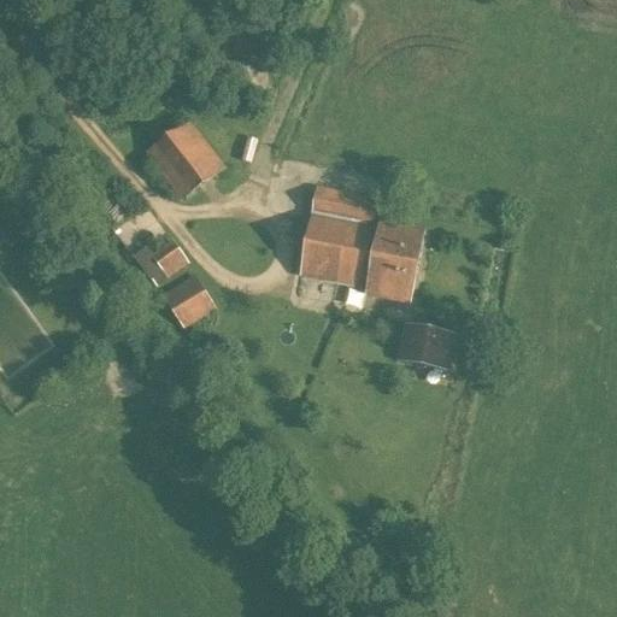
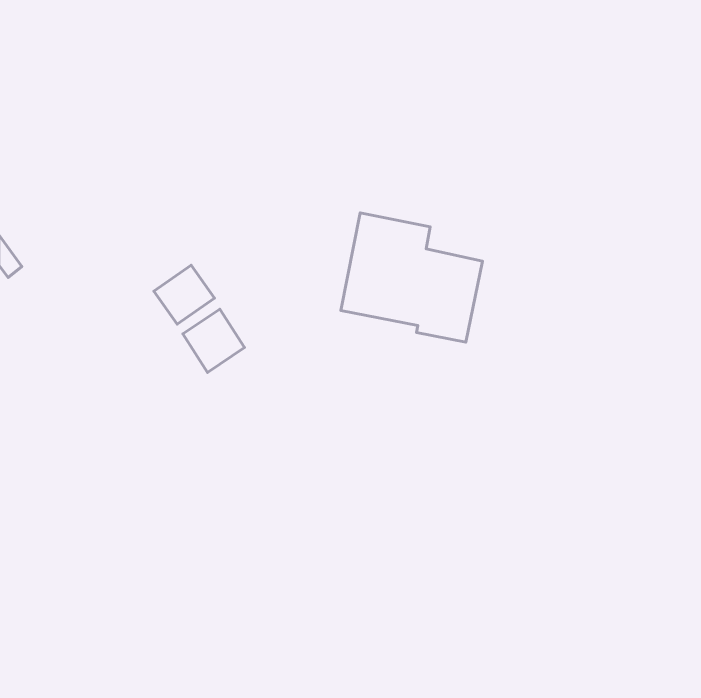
building: [142,118,227,199] -> none
building: [398,322,451,368] -> none

